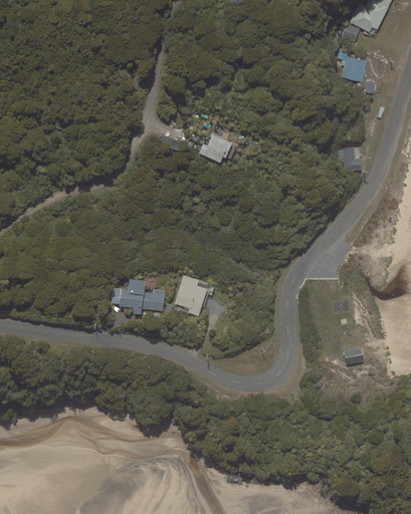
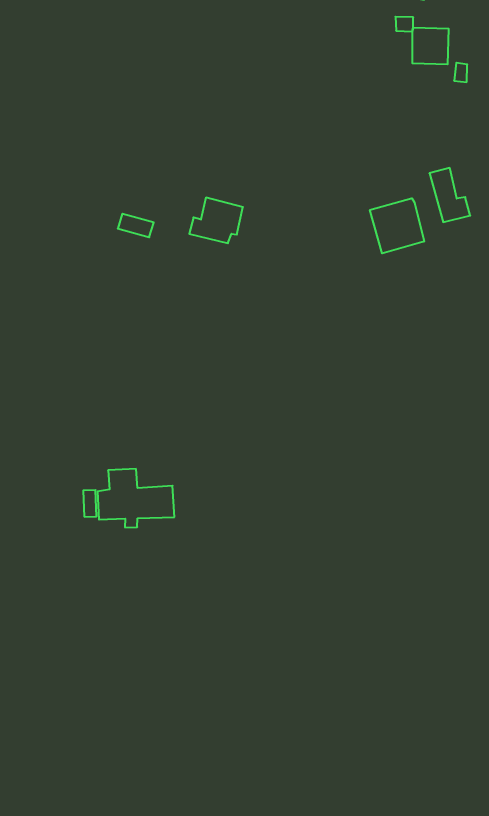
building: none -> [370,198,424,253]
building: [175,274,207,315] -> none

